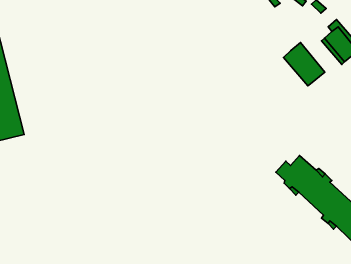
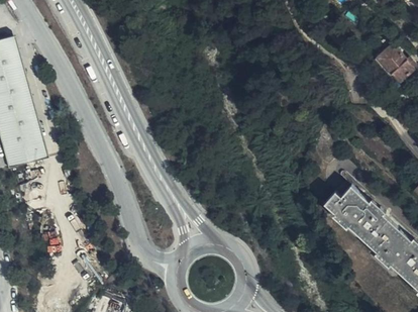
building: [284,43,325,86] -> none

